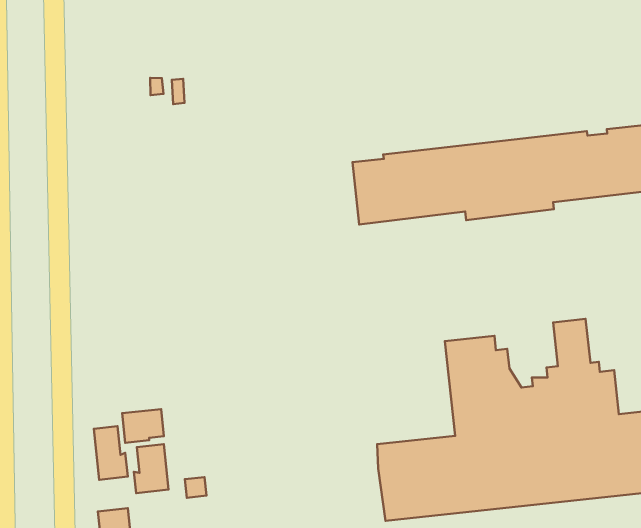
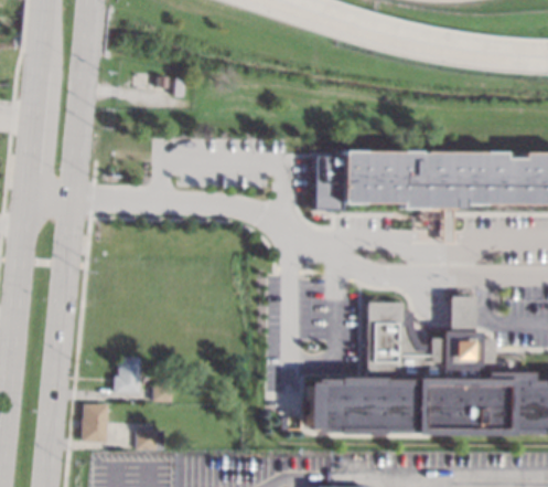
building: [122,409,164,443] -> none
building: [94,426,128,480] -> none

